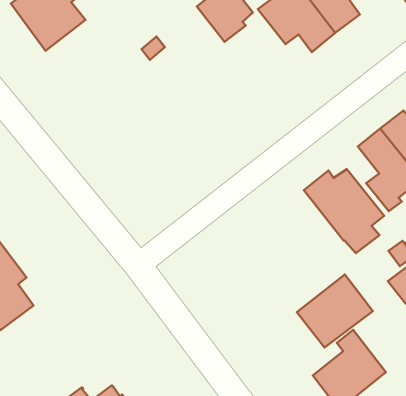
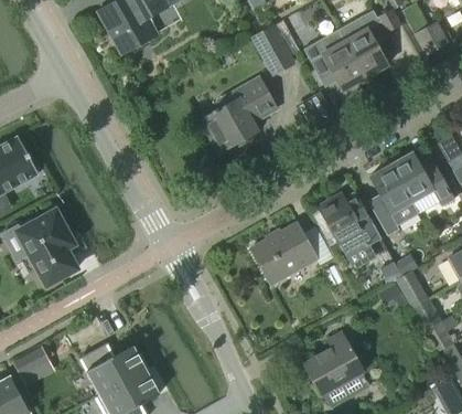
building: none -> [201,78,277,153]
building: [297,275,373,347] -> [251,223,315,282]

